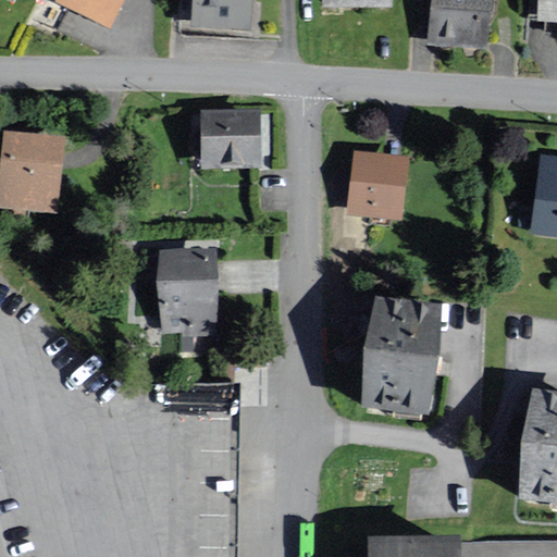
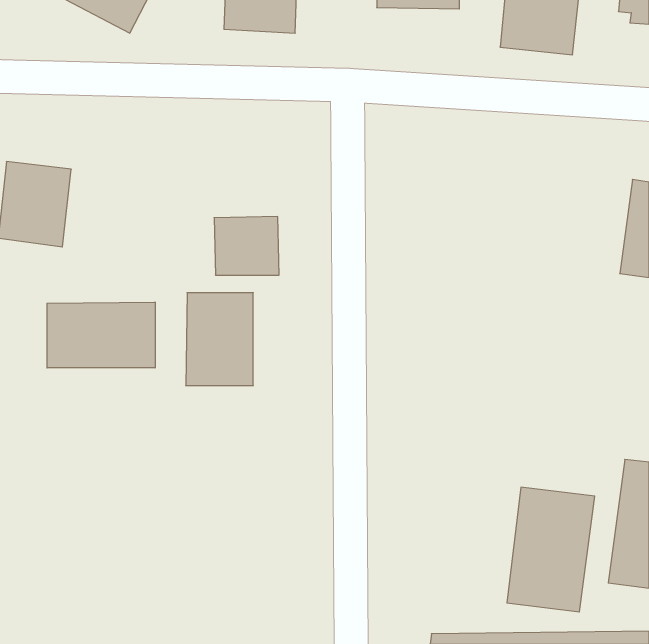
building: [203,113,259,163] -> [214,217,279,275]
building: [349,154,408,219] -> none
building: none -> [47,302,155,368]
building: [364,310,440,417] -> [507,487,595,612]

